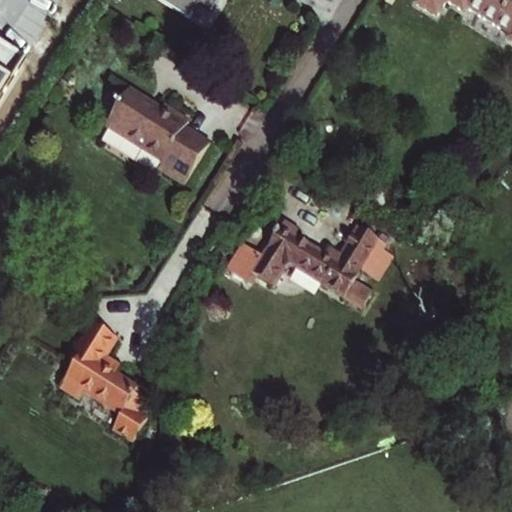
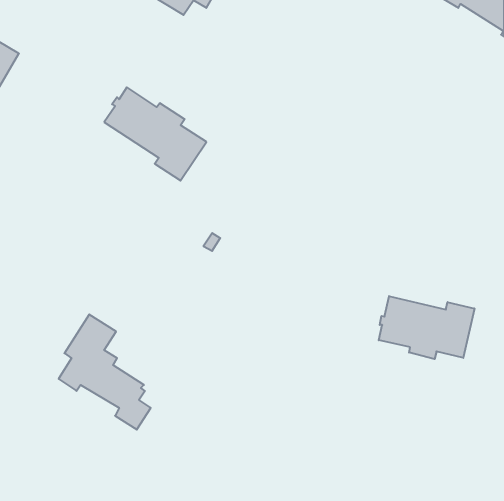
building: [229,221,384,306] -> none
building: none -> [379,296,474,359]

